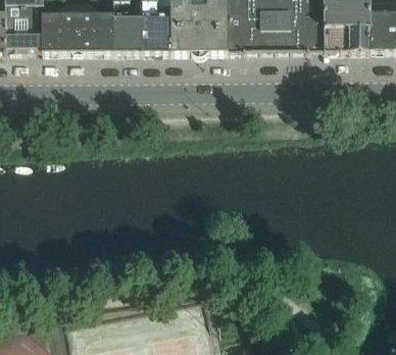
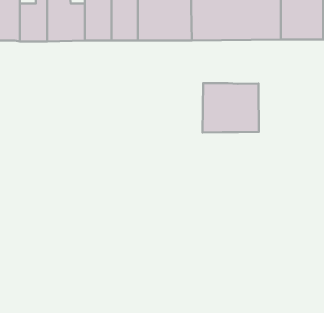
building: none -> [203,83,259,132]

